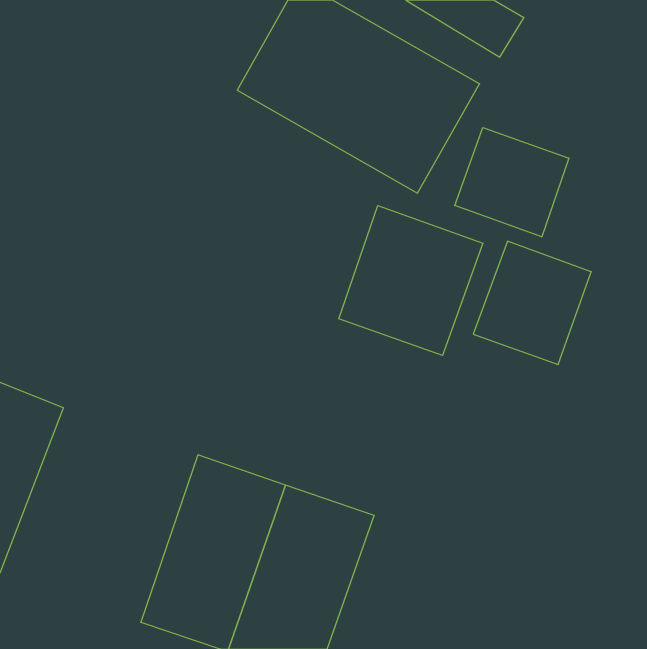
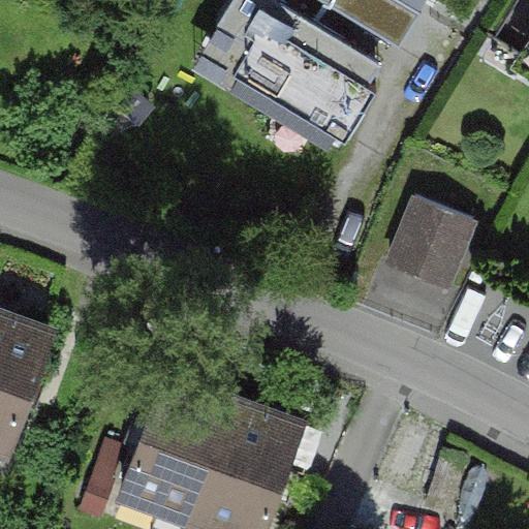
building: [455,128,569,237] -> none
building: [339,206,483,355] -> none

